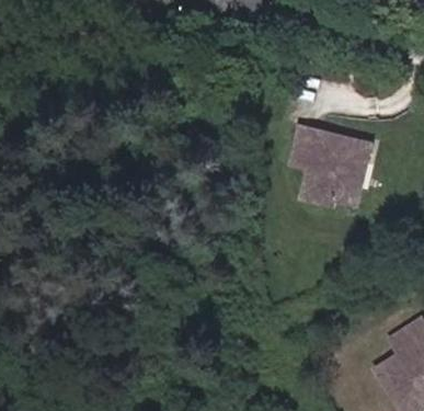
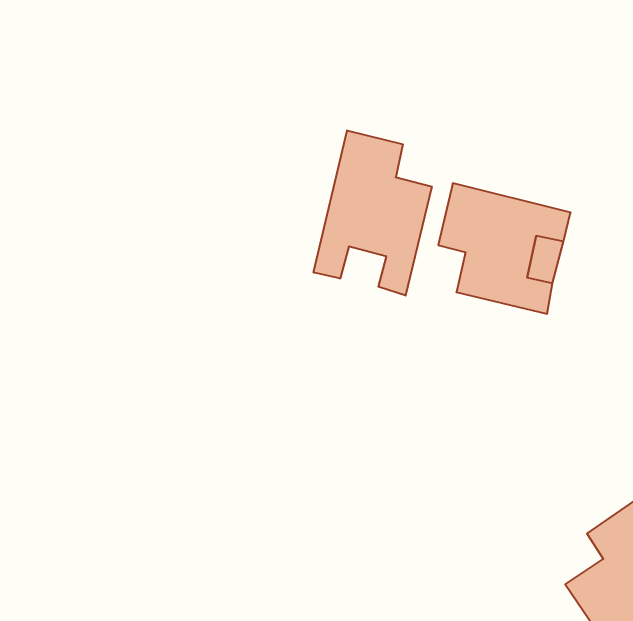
building: none -> [314,130,432,296]

